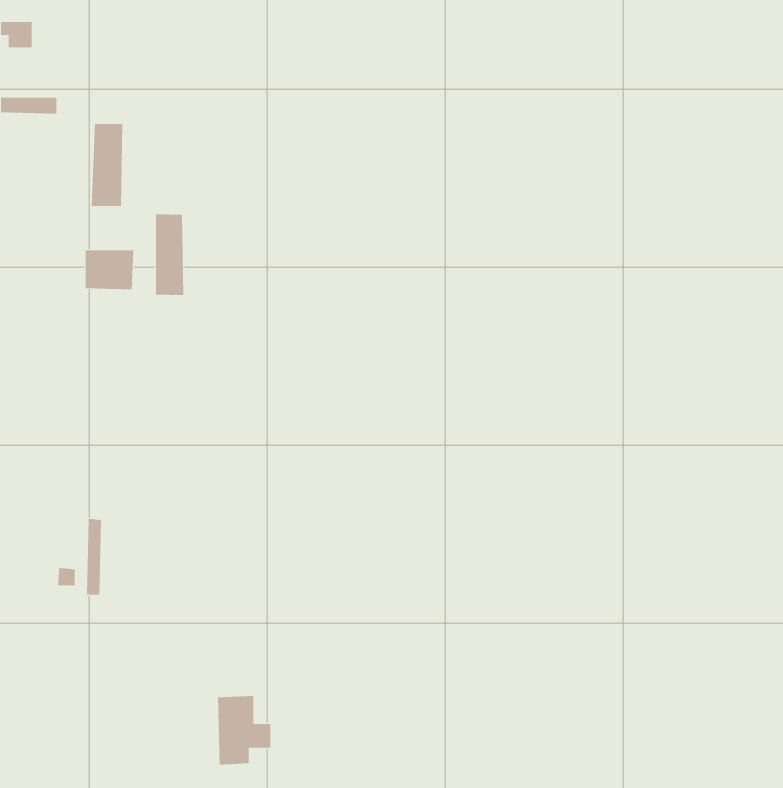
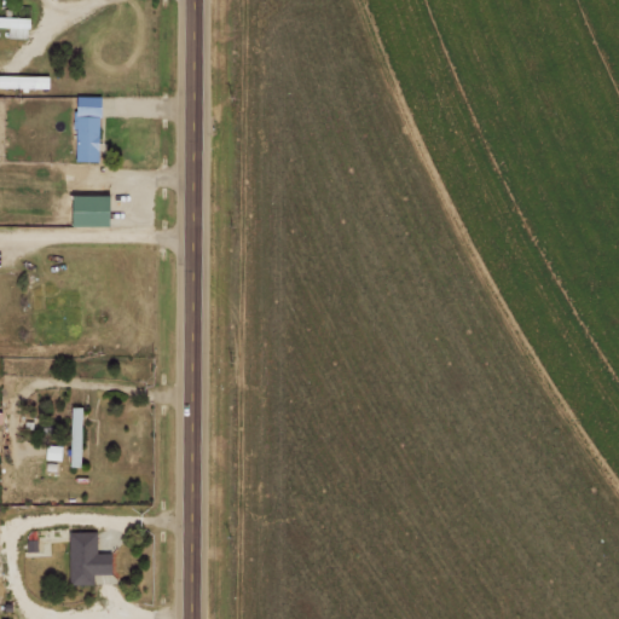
building: [156,214,184,296] -> none
building: [217,696,271,765] -> [69,531,111,585]

